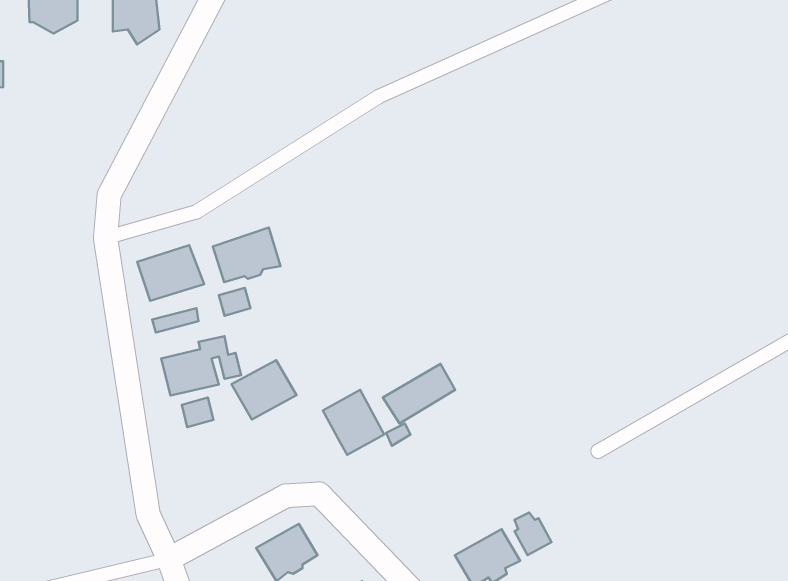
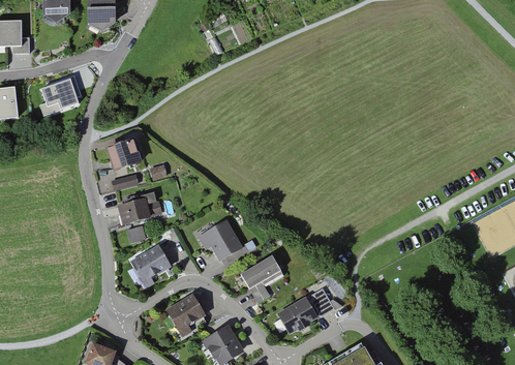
building: none -> [41,77,82,114]
building: [213,228,280,282] -> none
building: [231,360,297,419] -> [133,246,170,279]
building: [383,364,455,423] -> [241,254,281,287]

